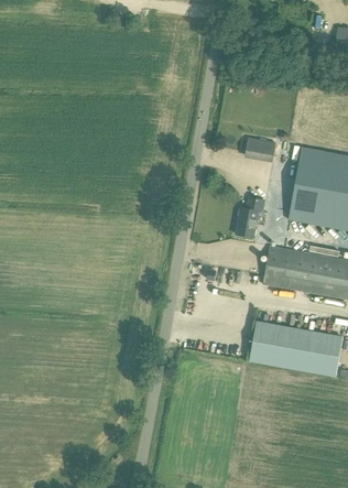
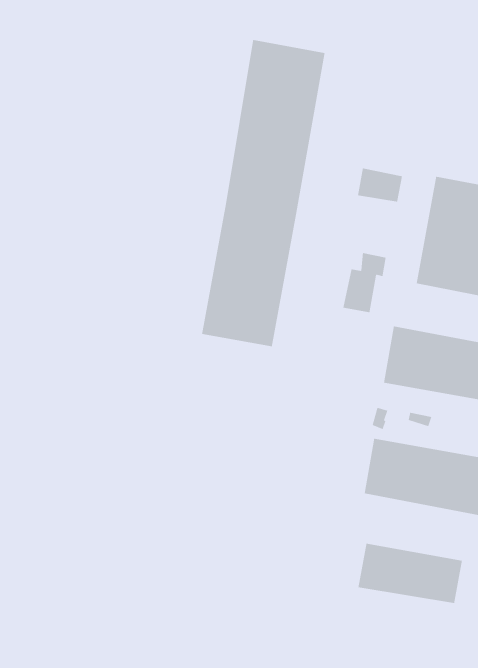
building: none -> [202,39,325,347]
building: none -> [358,543,463,604]

